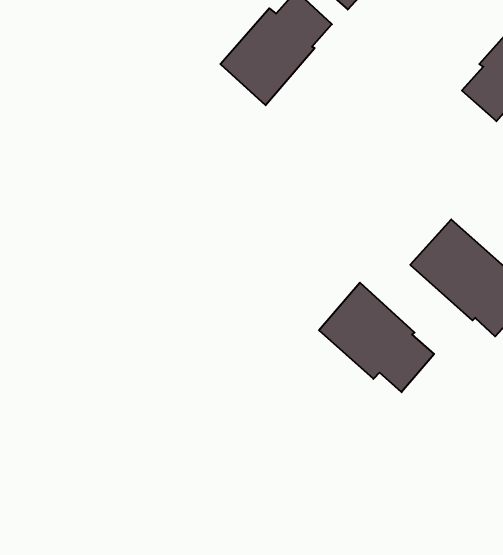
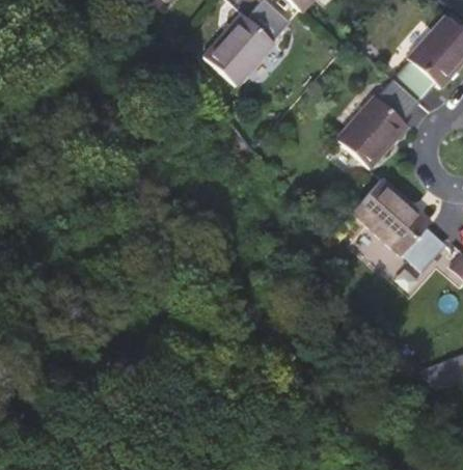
building: none -> [334,77,420,168]
building: [319,283,434,392] -> none

